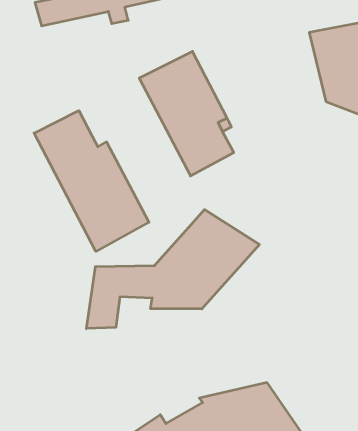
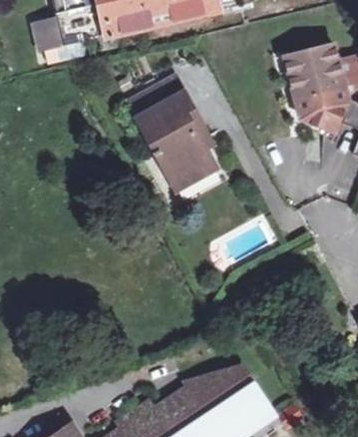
building: [34,111,149,251] -> none
building: [86,210,259,329] -> none

